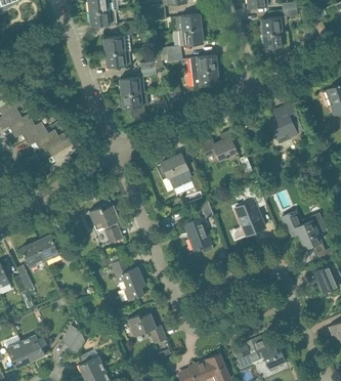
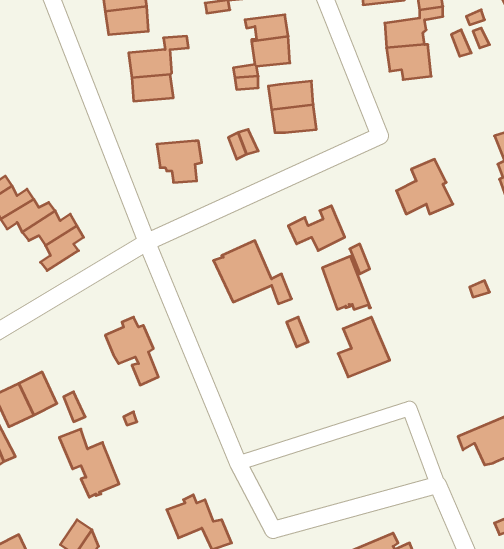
building: [119,68,155,93] -> none
building: [281,210,319,248] -> none
building: [183,217,213,250] -> [322,256,371,309]
building: [110,258,146,300] -> [59,429,119,497]

